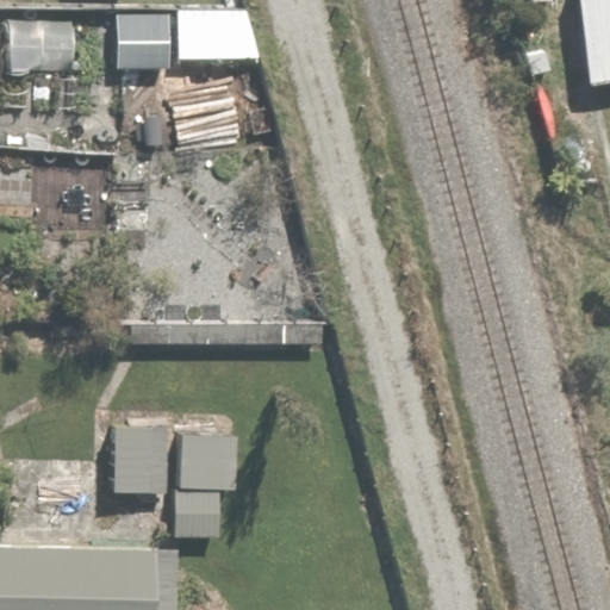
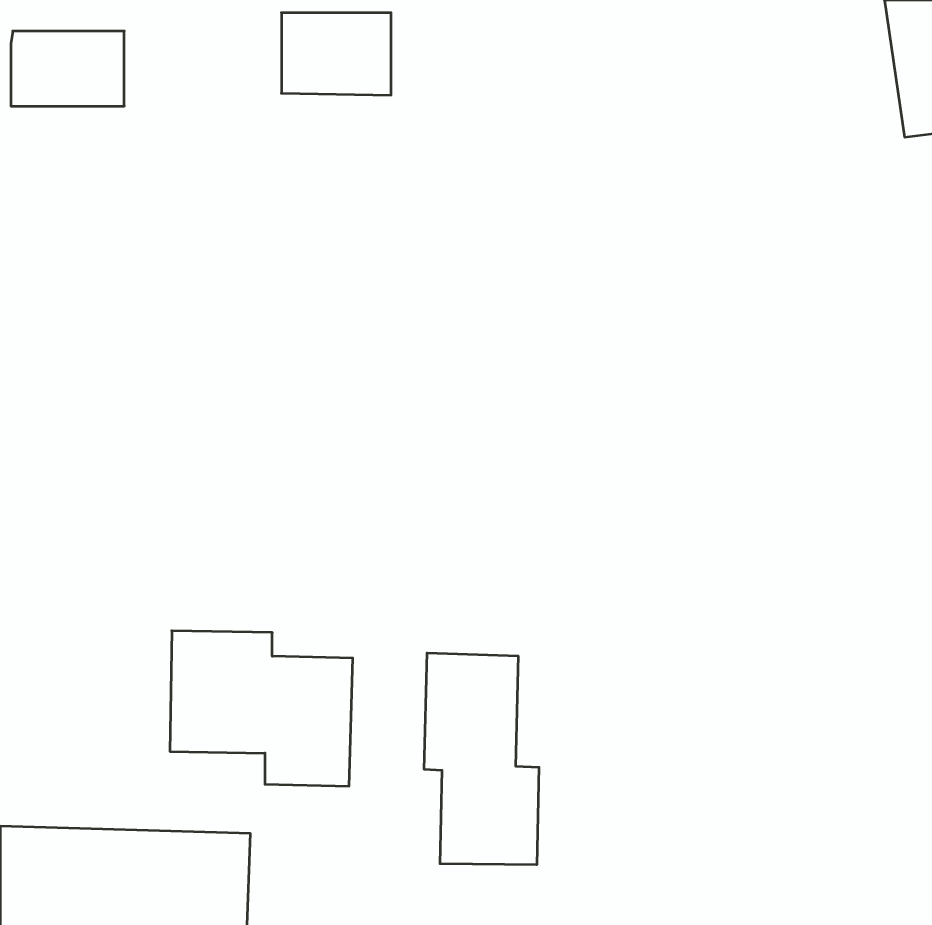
building: none -> [424,653,539,865]

